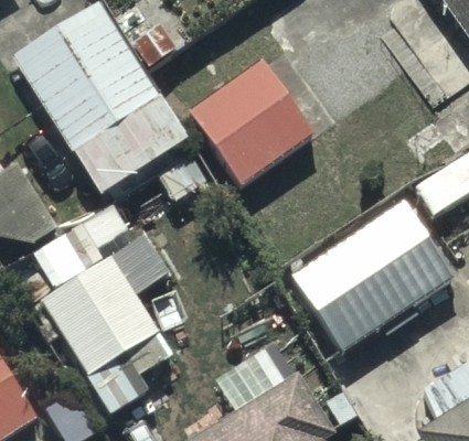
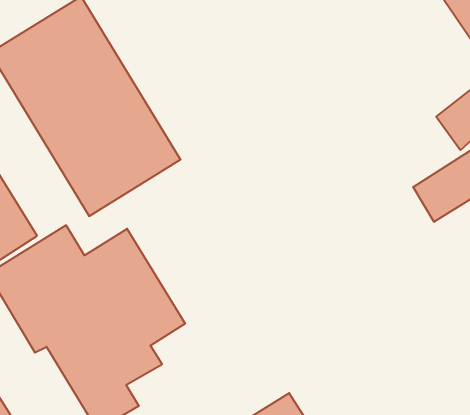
building: [185,55,317,187] -> none
building: [290,200,456,352] -> none

